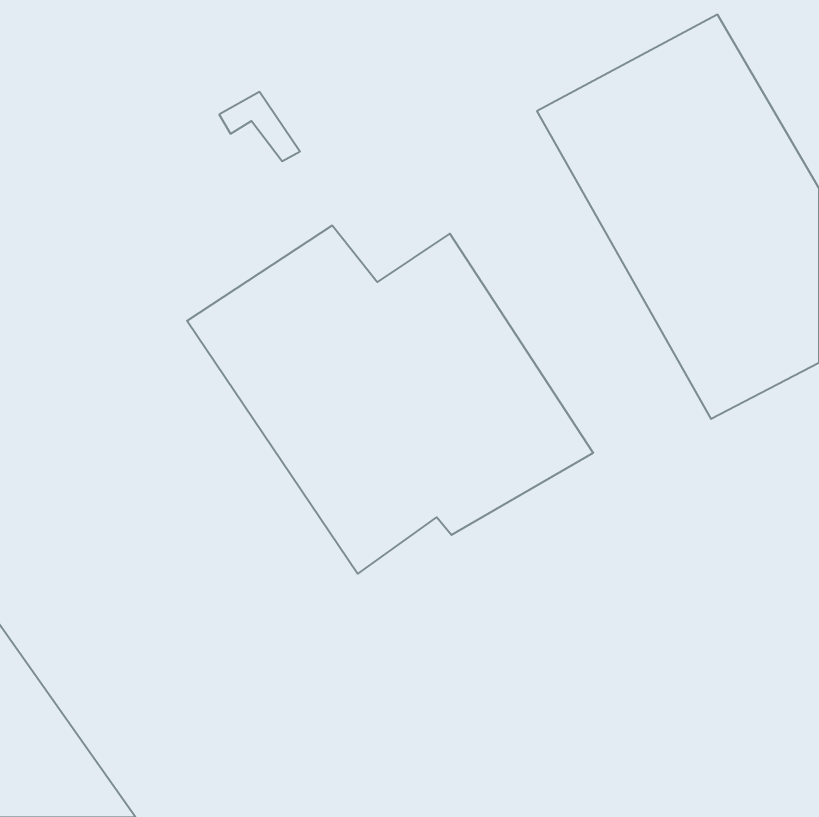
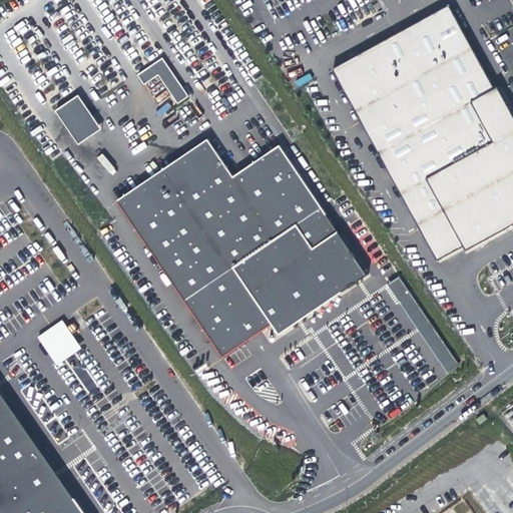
building: none -> [54,93,100,145]
building: none -> [386,277,457,371]
building: none -> [33,316,78,362]

